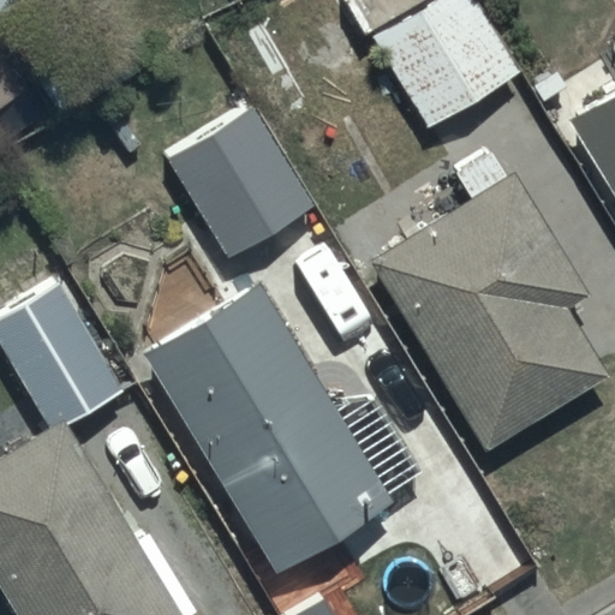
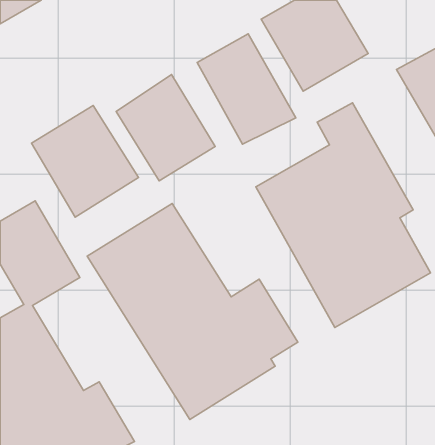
building: none -> [197,34,296,144]
building: none -> [31,105,138,217]

